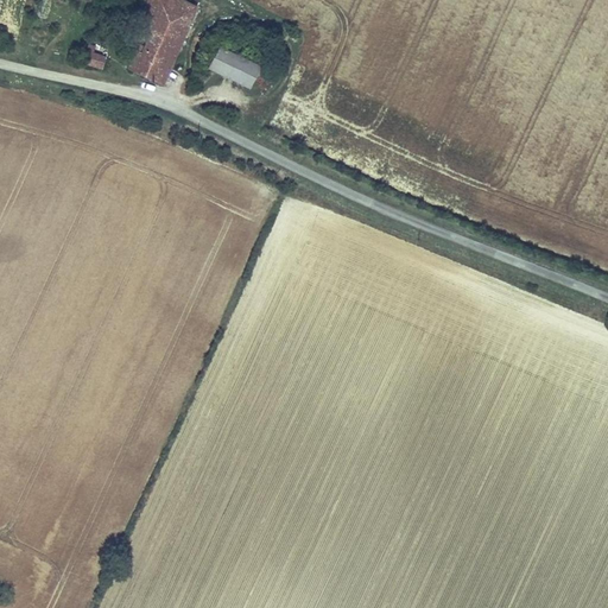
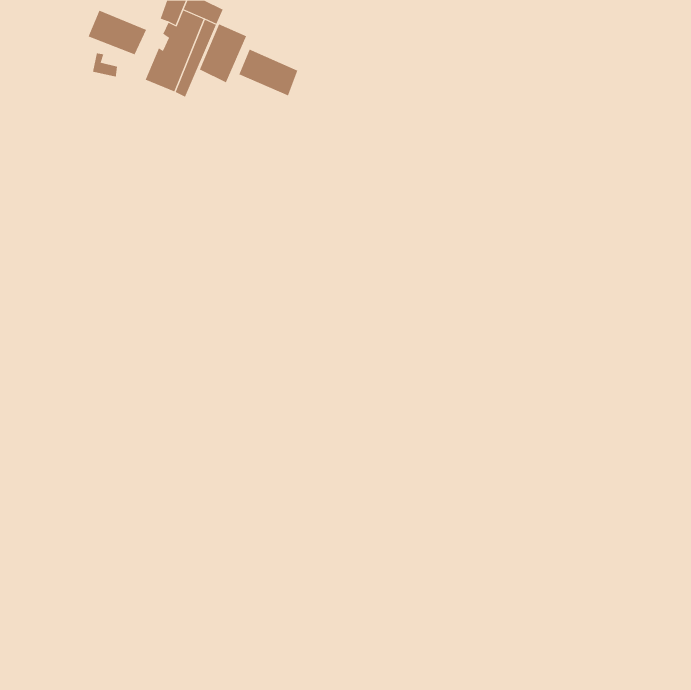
building: none -> [88,10,147,55]
building: none -> [199,23,247,83]

